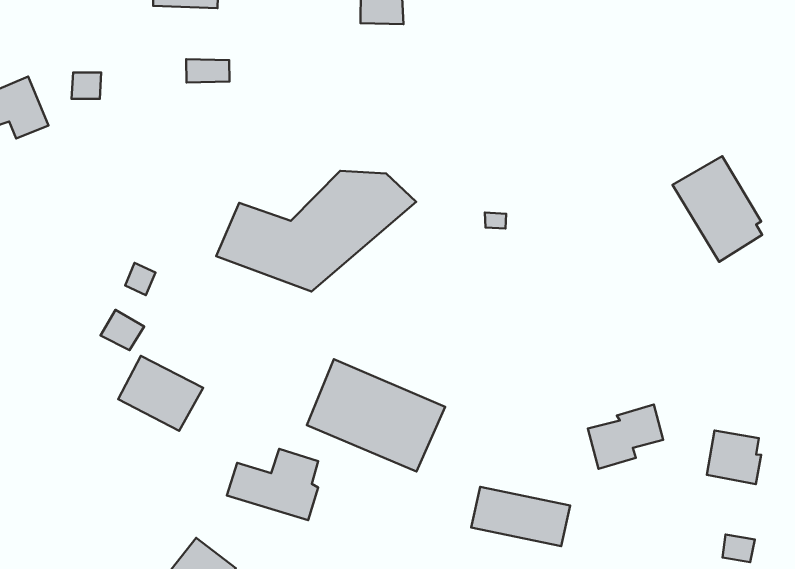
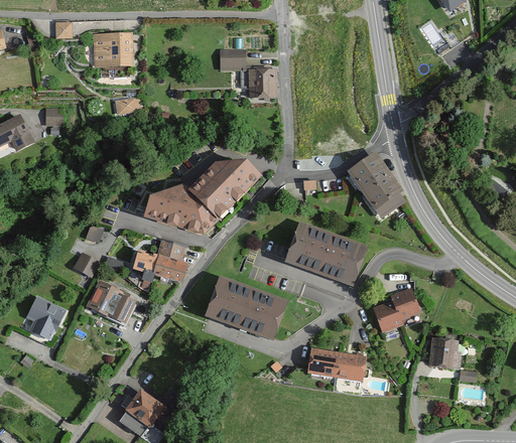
building: none -> [249,68,277,98]
building: [673,156,762,262] -> [347,152,403,216]
building: none -> [283,223,366,285]
building: none -> [26,294,66,339]
building: [707,431,761,484] -> [428,337,461,368]
building: [227,449,318,520] -> [131,240,186,282]

